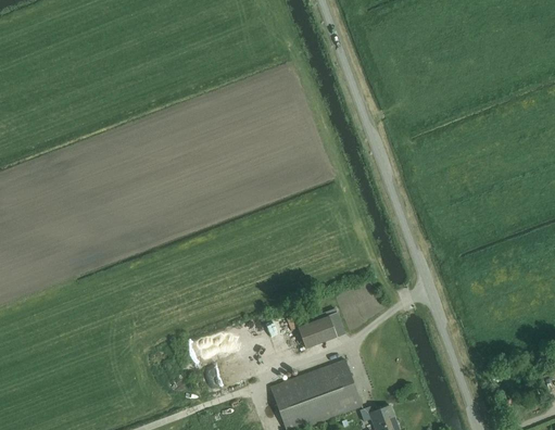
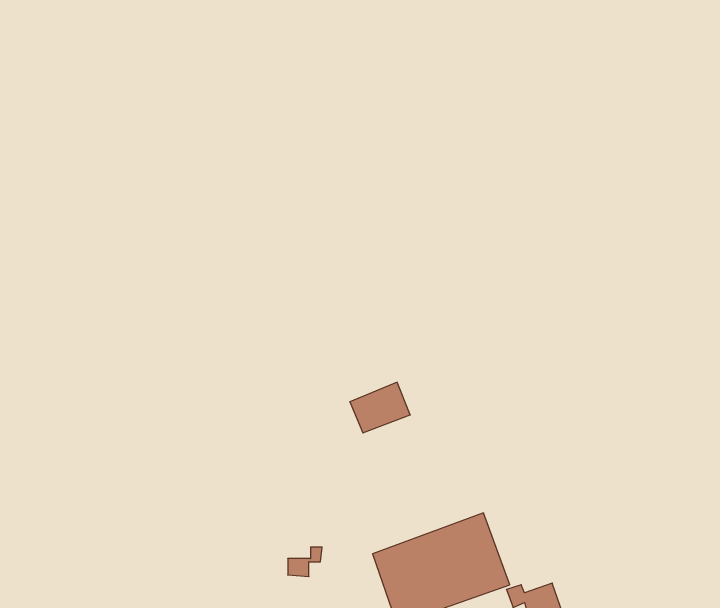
building: [298,314,338,347] -> [350,382,410,433]

